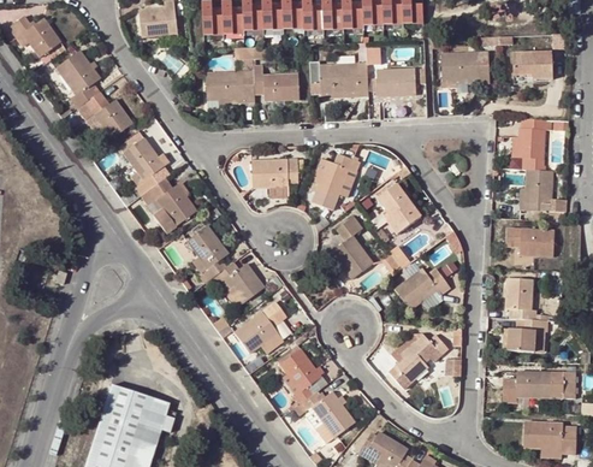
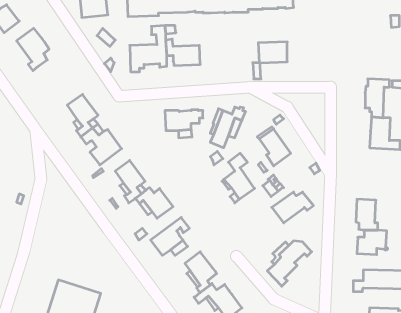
building: [512,52,553,78] -> none
building: [441,53,490,83] -> none
building: [310,61,369,96] -> none
building: [84,91,131,137] -> none
building: [506,229,555,255] -> none

